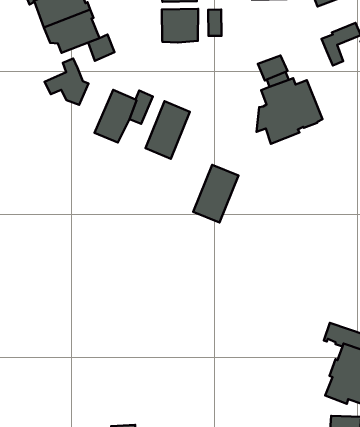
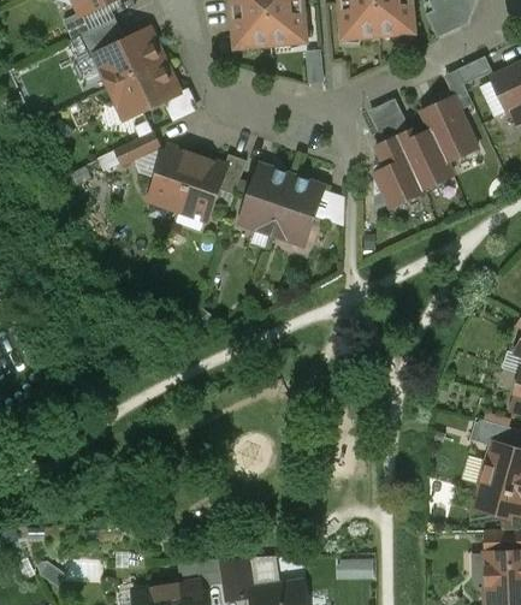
building: [162,9,198,43] -> none
building: none -> [421,96,478,166]
building: none -> [149,147,197,209]
building: [193,165,239,222] -> [272,177,324,245]

